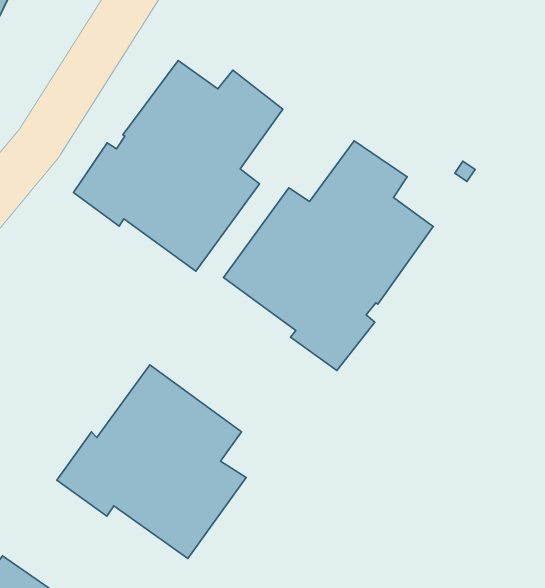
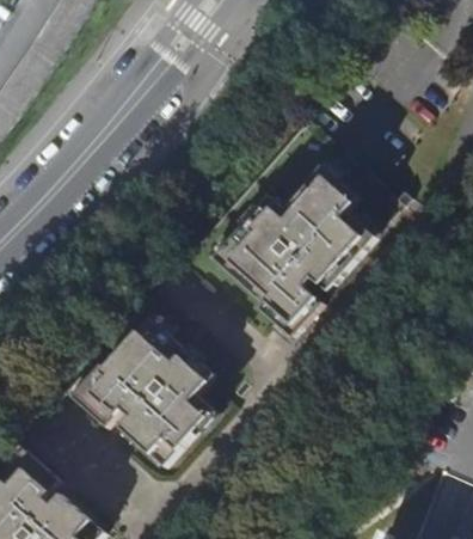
building: [73,60,283,271] -> none

